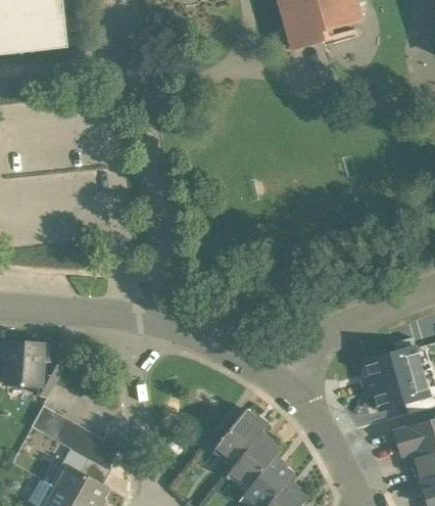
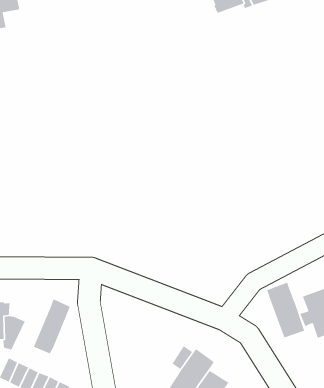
building: none -> [266,282,305,338]
building: none -> [33,298,71,355]

